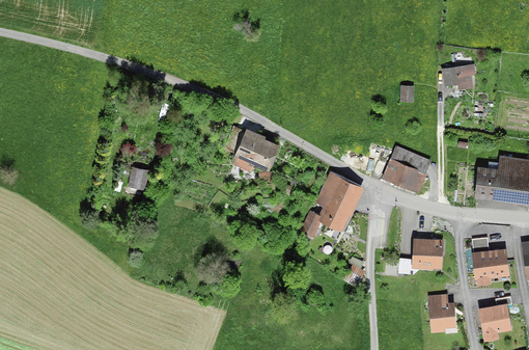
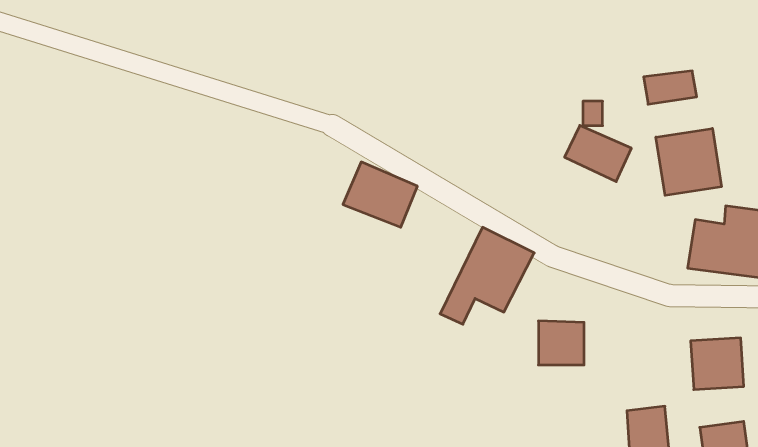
building: none -> [656,128,721,195]
building: [383,155,428,193] -> [565,125,631,182]
building: [126,165,148,190] -> none
building: [414,237,445,267] -> [538,321,584,365]

